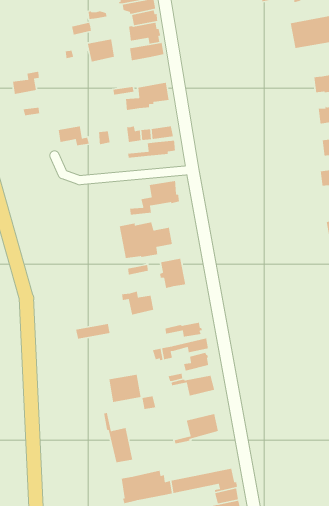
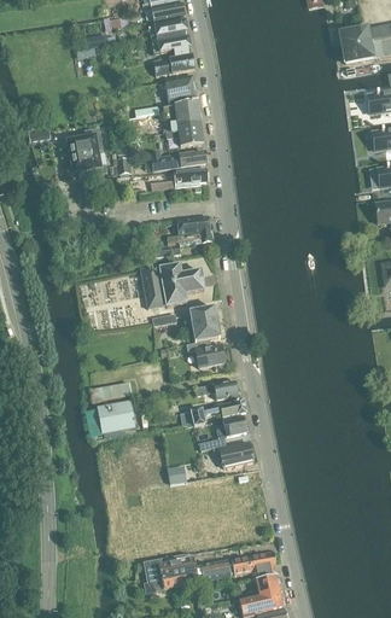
building: [87,39,115,62] -> [165,75,198,103]
building: [12,71,40,95] -> [69,128,101,156]
building: none -> [167,122,204,146]
building: [121,291,154,315] -> [187,339,226,368]
building: [108,374,142,403] -> [98,400,136,433]
building: [103,412,133,463] -> none
building: [174,413,219,445] -> none

